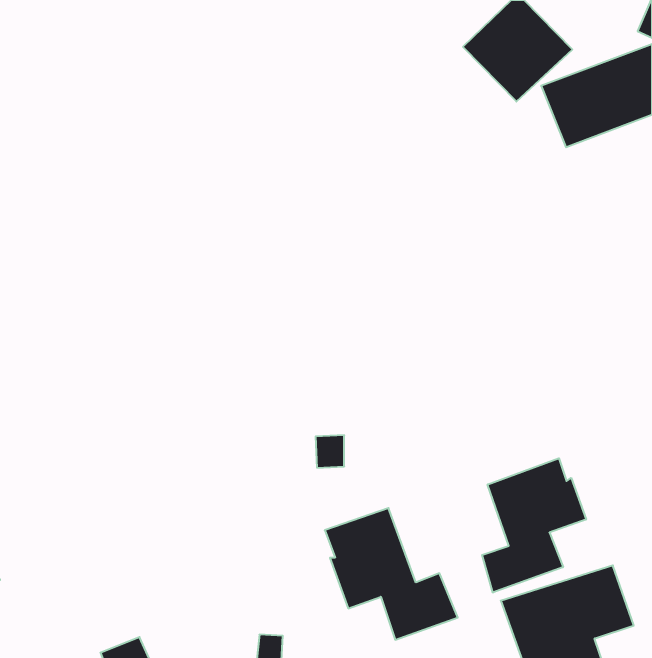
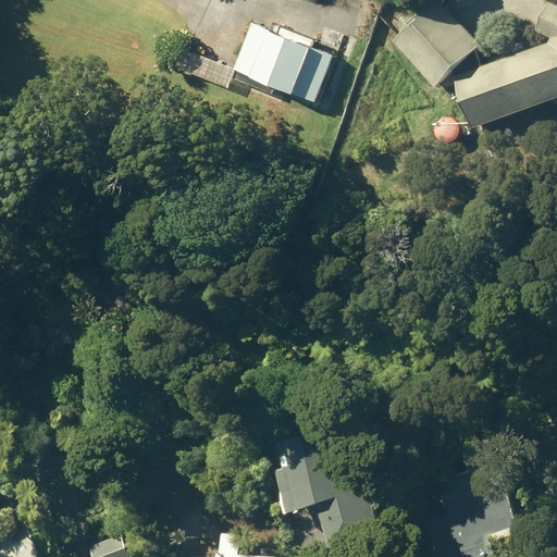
building: none -> [227,23,331,103]
building: [482,458,586,593] -> none

